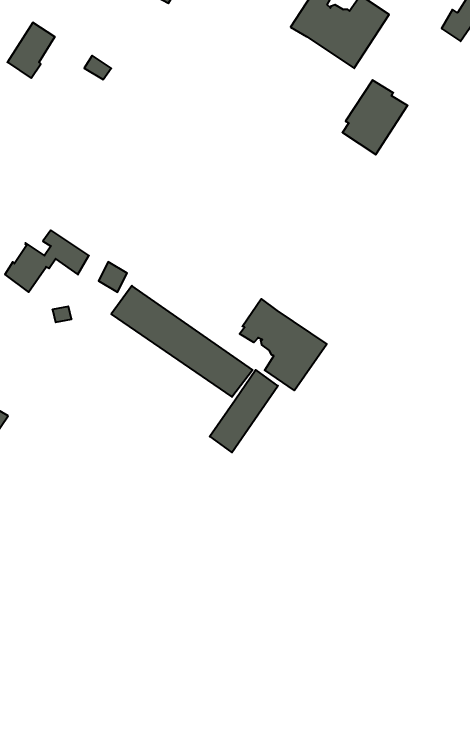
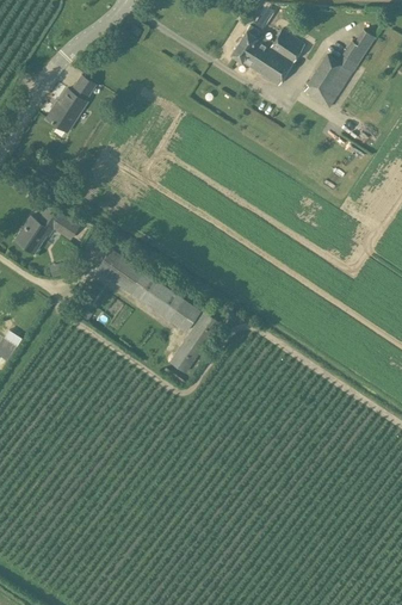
building: [7,23,55,78] -> [49,89,85,131]
building: [342,80,408,155] -> [304,53,353,109]
building: [240,299,327,390] -> none

